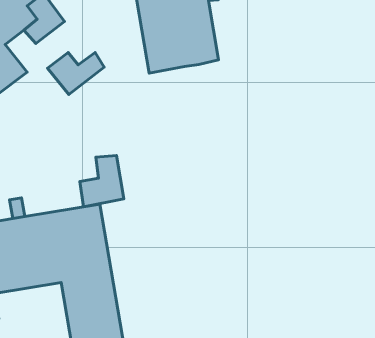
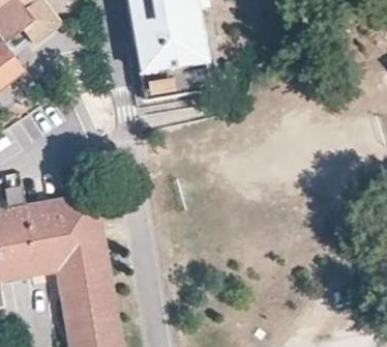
building: [47,53,104,94] -> none
building: [80,156,124,207] -> none

